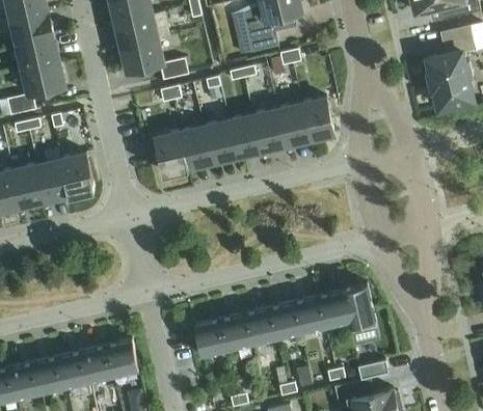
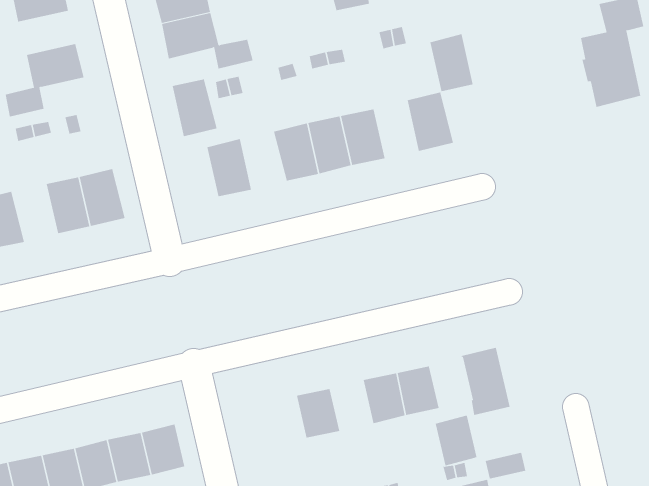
building: [16,38,58,71] -> none
building: [276,104,308,146] -> [430,34,474,92]
building: [179,127,212,169] -> [172,79,217,137]
building: [11,165,45,208] -> none
building: [317,292,348,329] -> [435,415,477,466]
building: [244,308,275,346] -> none
building: [194,320,226,357] -> none

